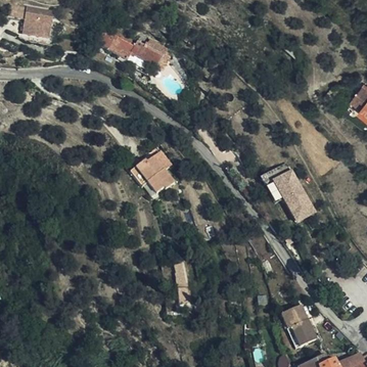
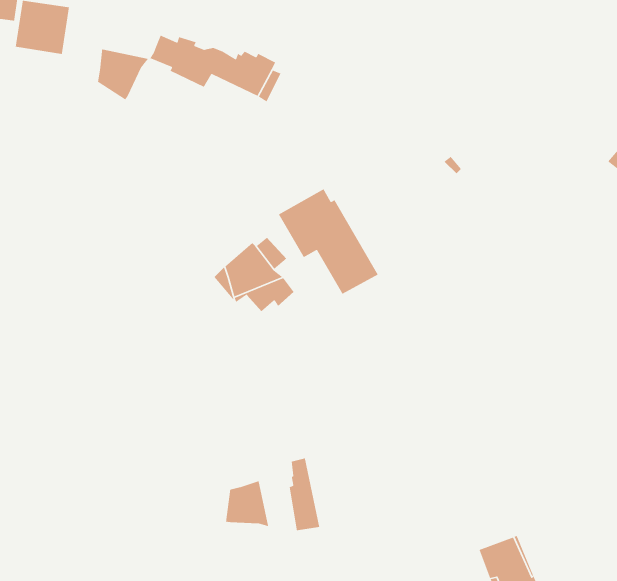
building: none -> [97,48,149,101]
building: [259,168,315,227] -> [278,188,379,295]
building: none -> [225,480,269,527]

